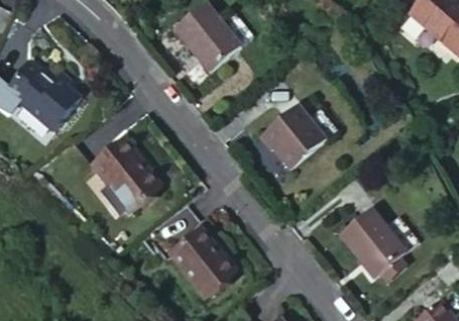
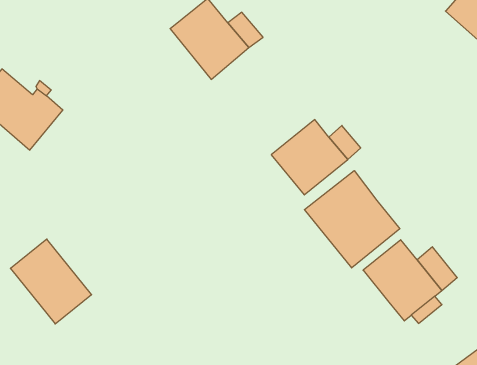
building: [92,138,161,211] -> [10,239,92,324]
building: none -> [304,171,400,268]
building: [169,228,236,297] -> none

